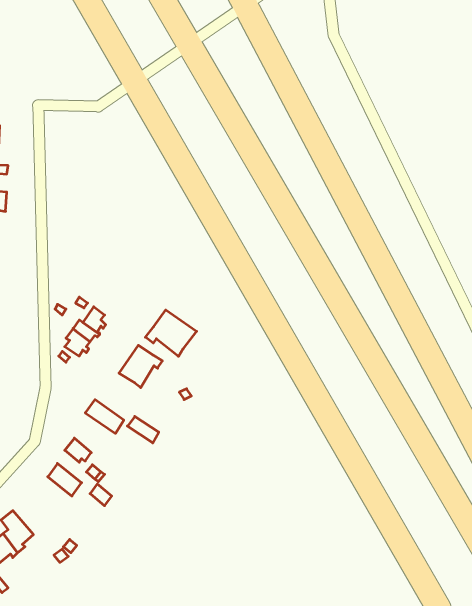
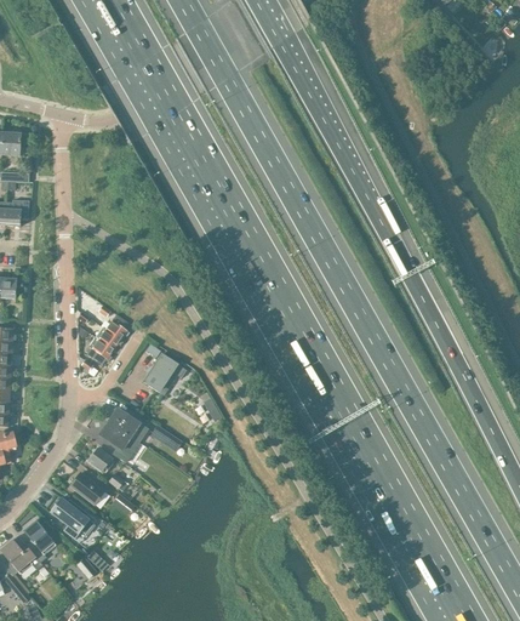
building: [145,310,197,356] -> none
building: none -> [98,422,137,462]
building: none -> [48,497,93,540]

